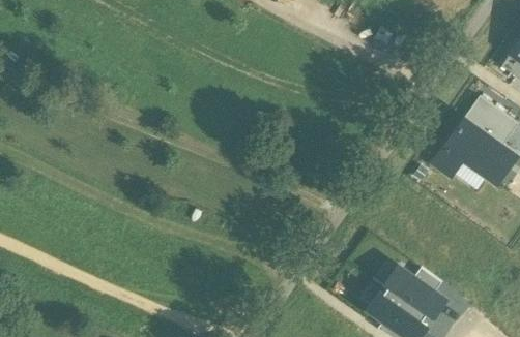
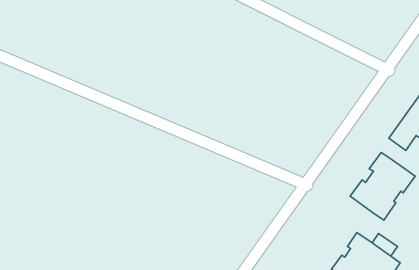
building: none -> [350,153,415,220]

